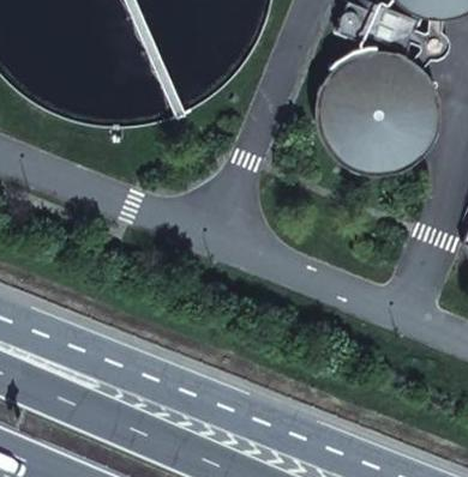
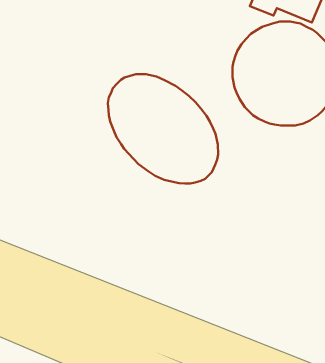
building: none -> [108,74,218,184]

